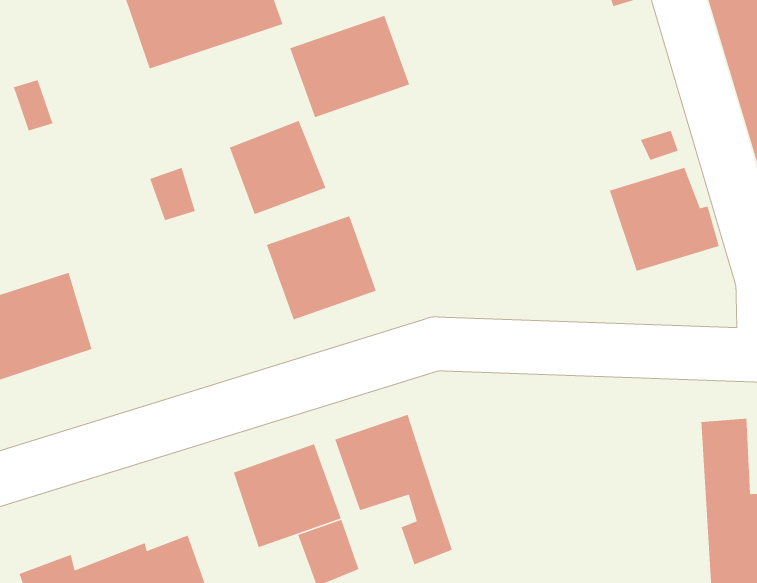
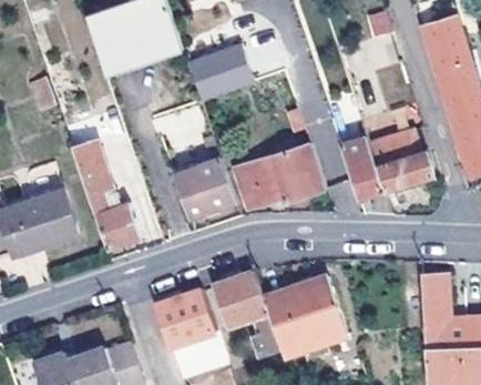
building: none -> [339,135,383,199]
building: none -> [70,141,140,250]
building: none -> [235,142,325,210]
building: none -> [263,277,345,353]

